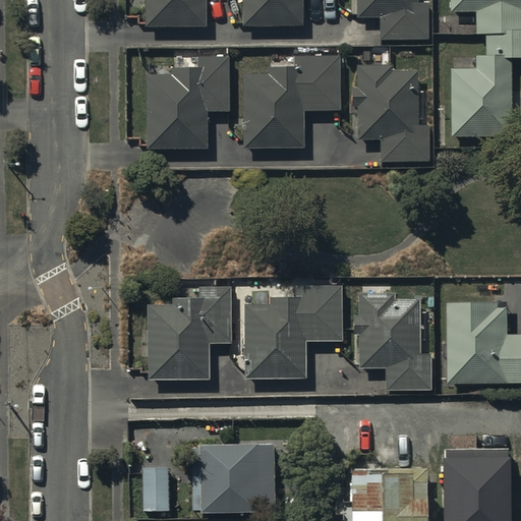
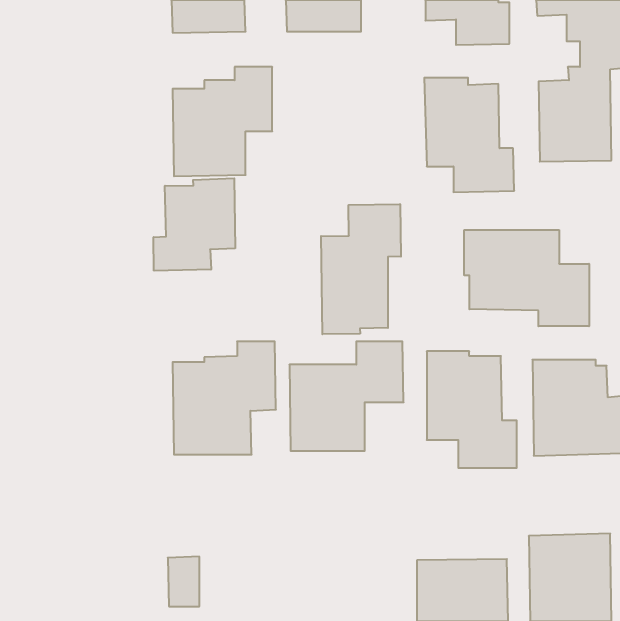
building: [244,56,339,148] -> none
building: none -> [154,178,235,271]
building: none -> [321,204,401,334]
building: none -> [464,230,589,326]
building: [198,444,275,513] -> none

